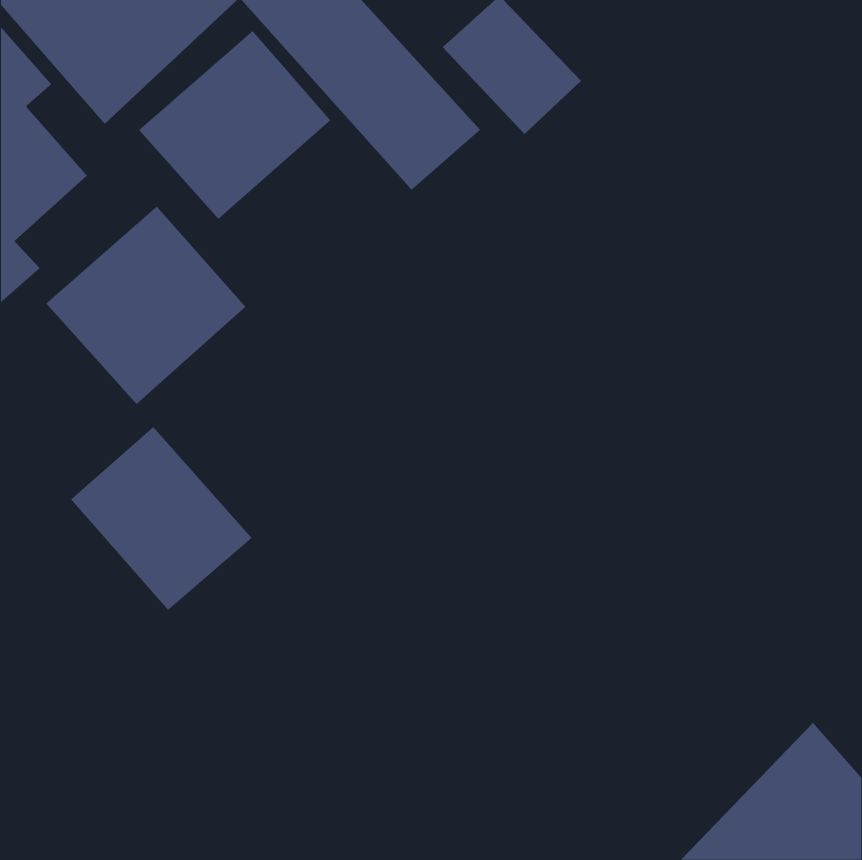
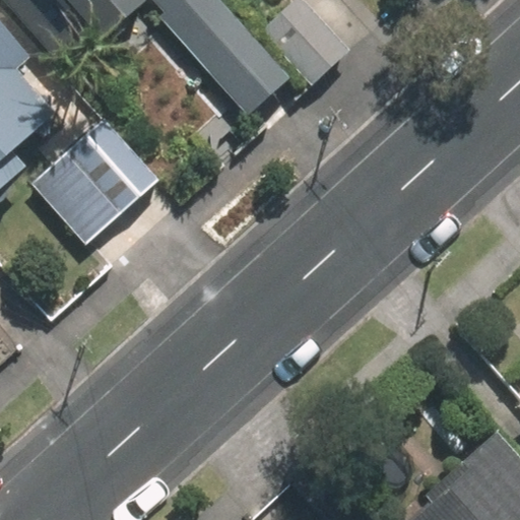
building: [138,30,331,220] -> none
building: [70,426,252,611] -> none

